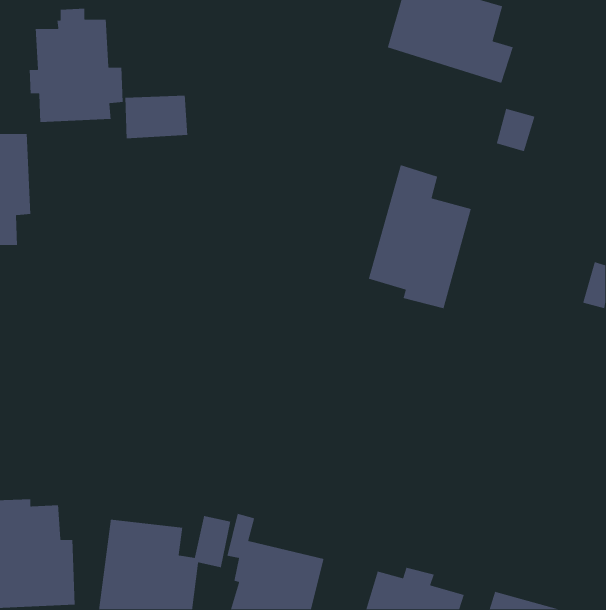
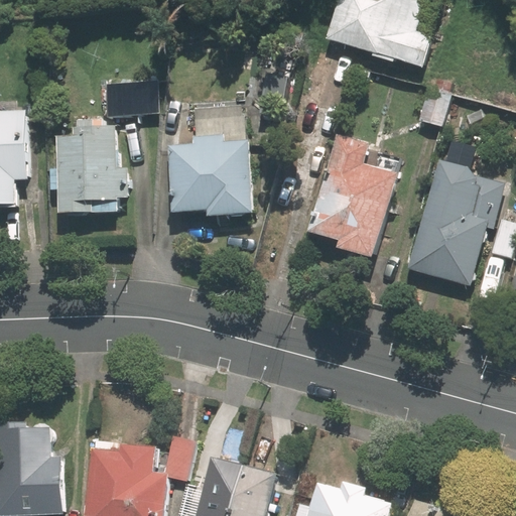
building: [29,8,123,123] -> [49,120,129,217]
building: none -> [168,106,254,219]
building: none -> [408,162,505,288]

